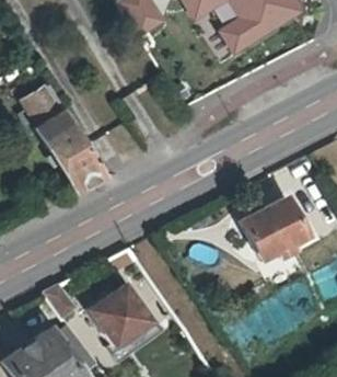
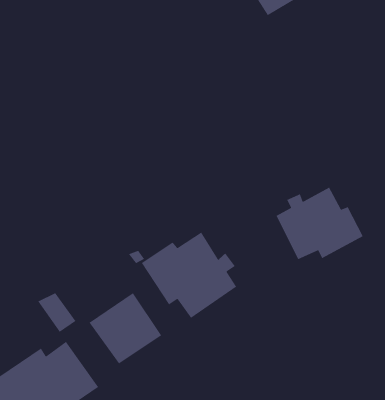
building: [23,83,104,190] -> none
building: none -> [141,232,237,319]

